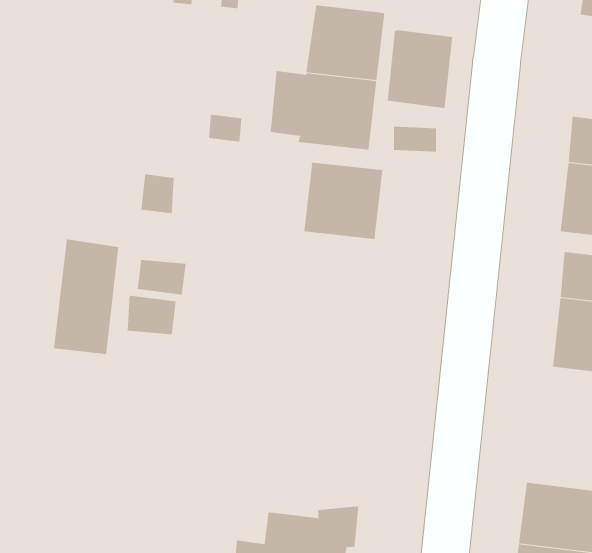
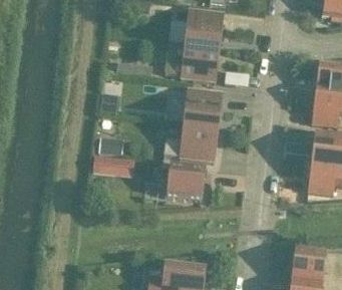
building: [387,29,453,109] -> none
building: none -> [162,122,218,161]
building: [54,239,119,355] -> none
building: none -> [149,164,205,200]

